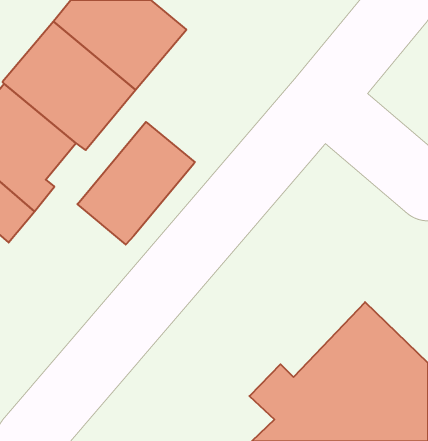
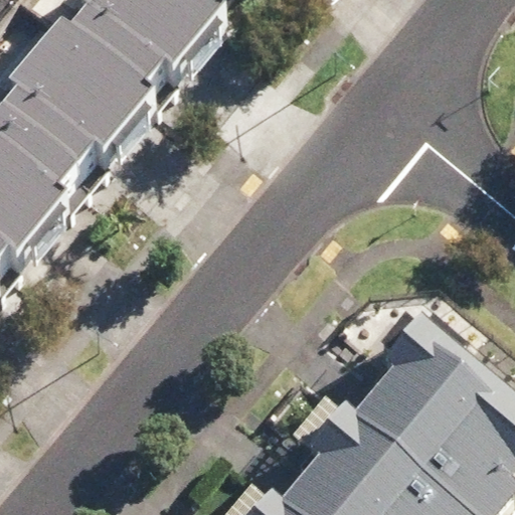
building: [77,122,195,245] -> none

